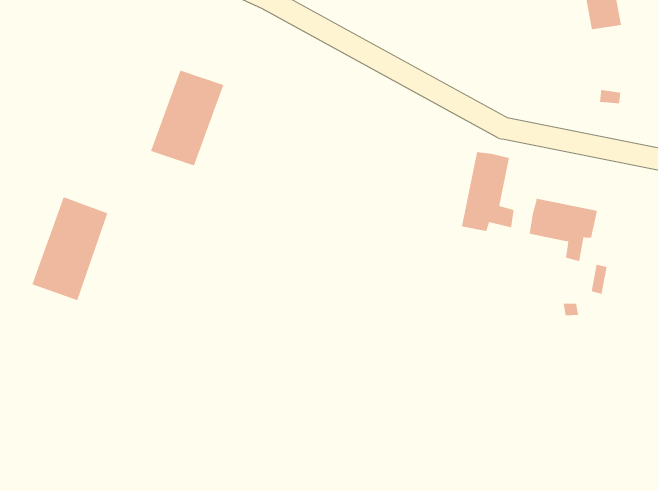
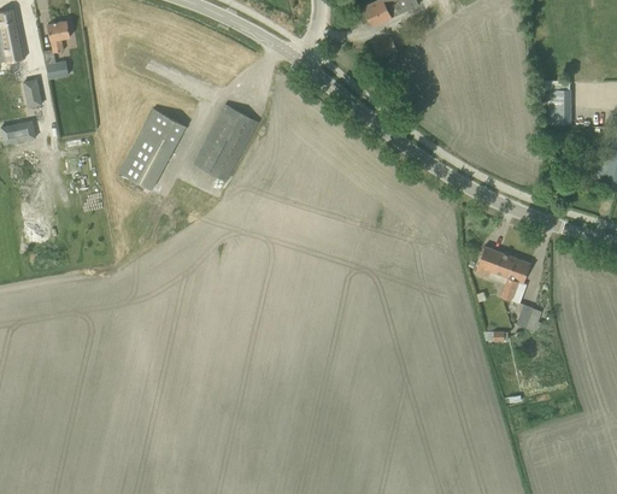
building: [461,150,514,232] -> none
building: [31,197,108,301] -> [118,107,186,189]

